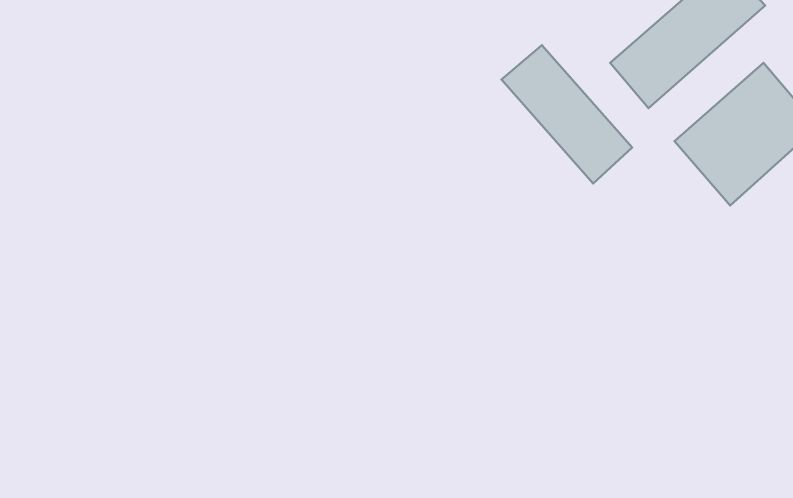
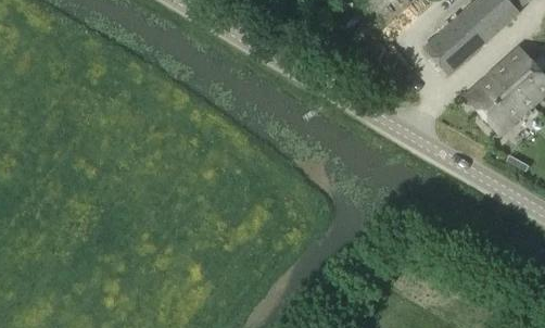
building: [501,45,632,183] -> none

